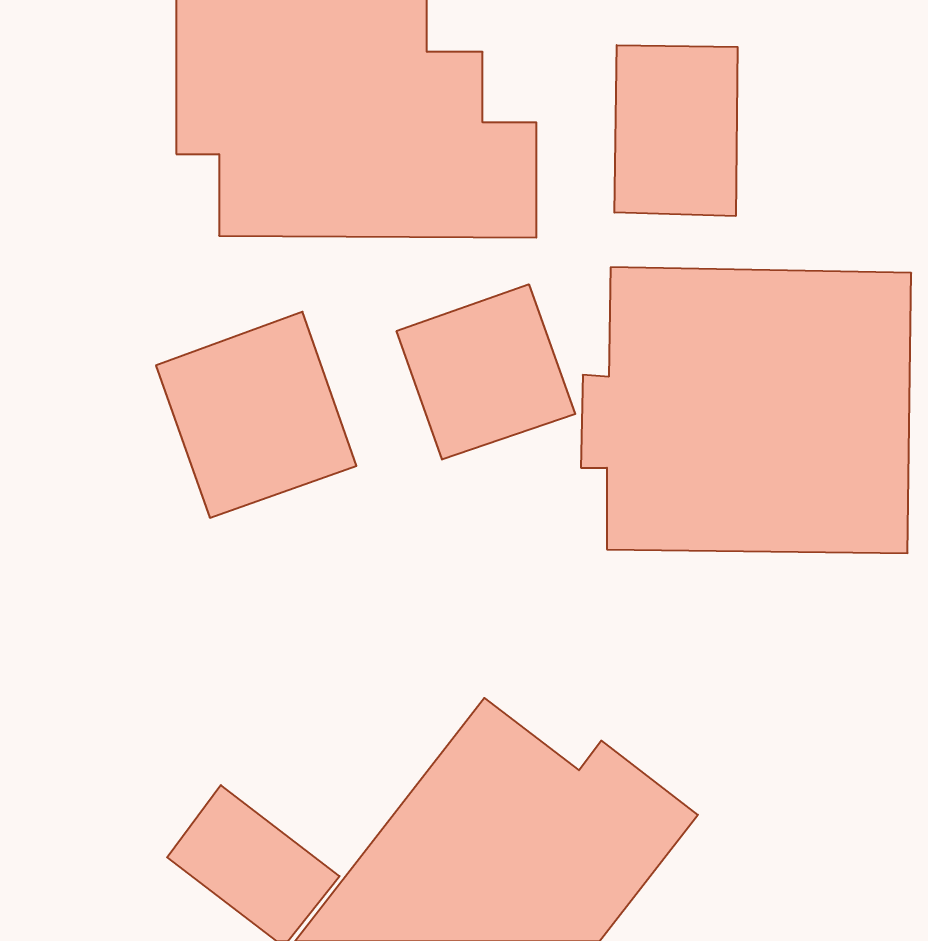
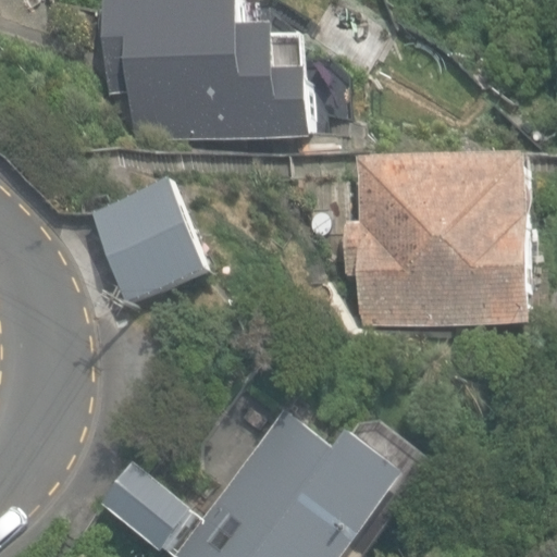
building: [614,45,738,216] -> none
building: [397,284,575,460] -> none

